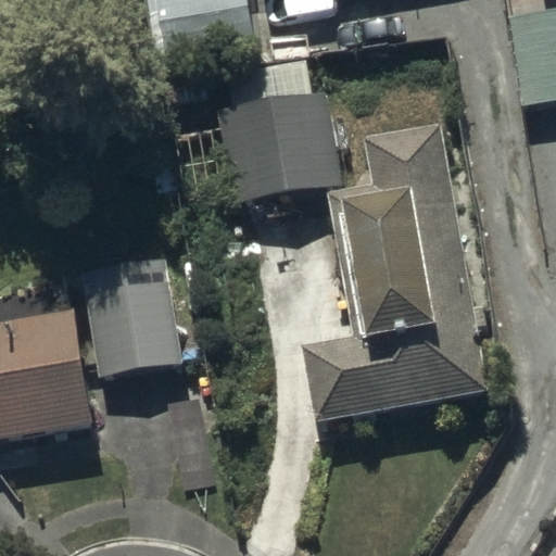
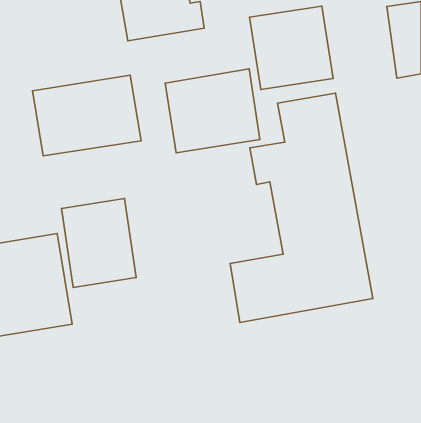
building: none -> [249,6,333,89]
building: none -> [33,75,141,156]

